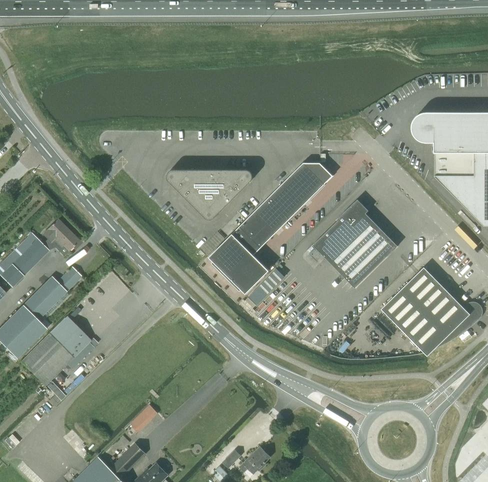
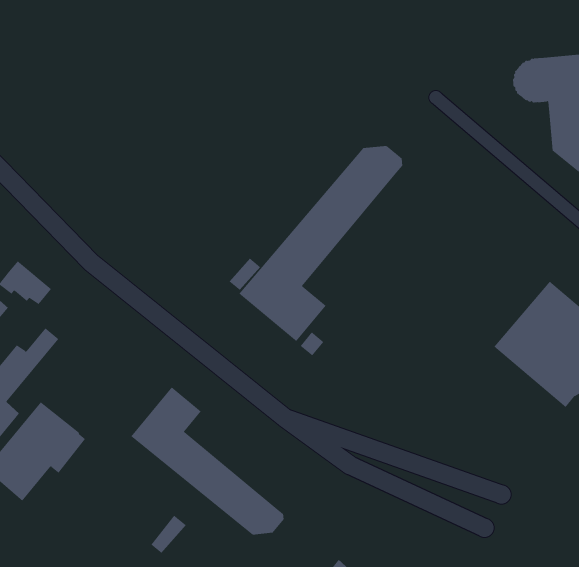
building: [167,170,253,219] -> none
building: [312,199,398,288] -> none
building: none -> [130,387,284,535]

